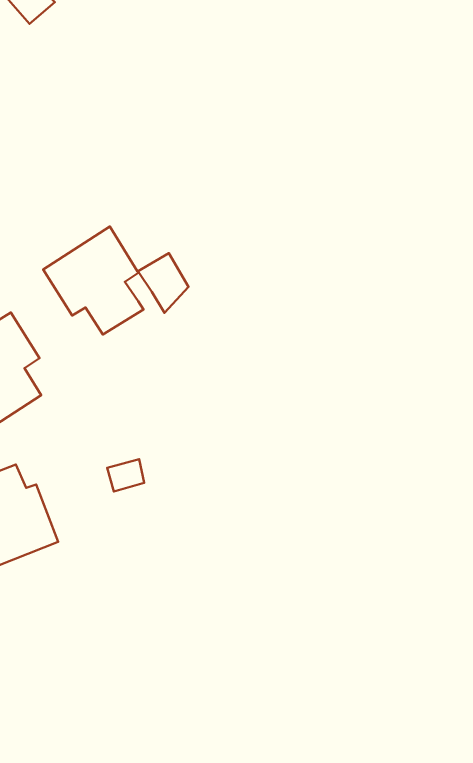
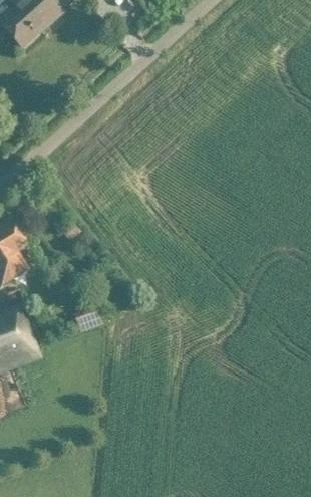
building: [43,227,188,335] -> none

